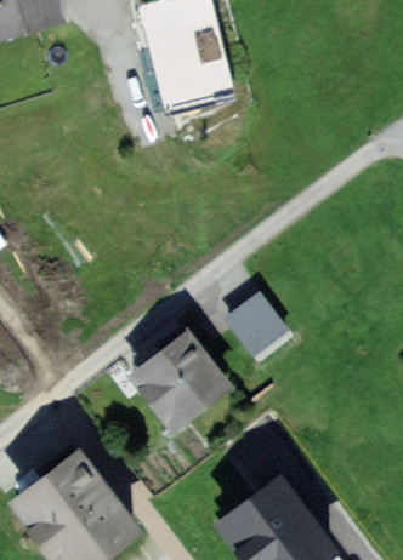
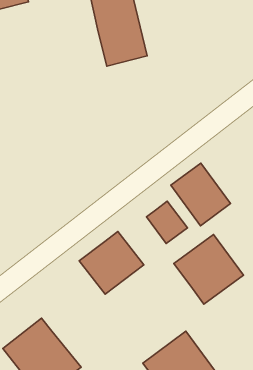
building: none -> [171,163,230,226]
building: none -> [174,235,244,304]

